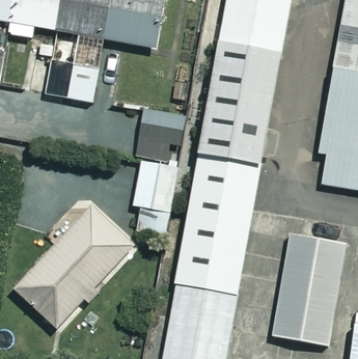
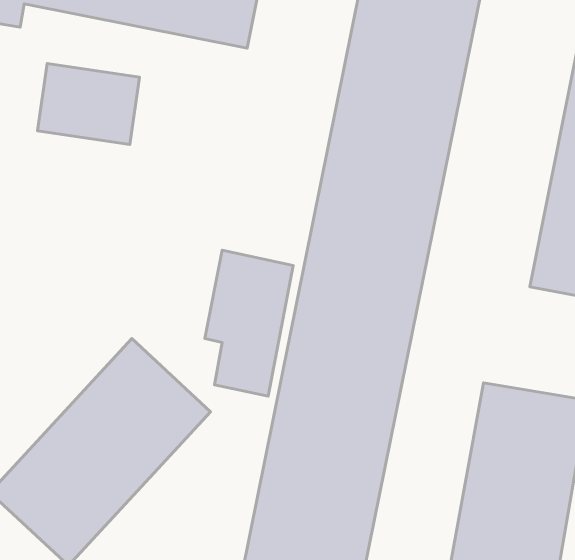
building: [140,108,195,161] -> none

